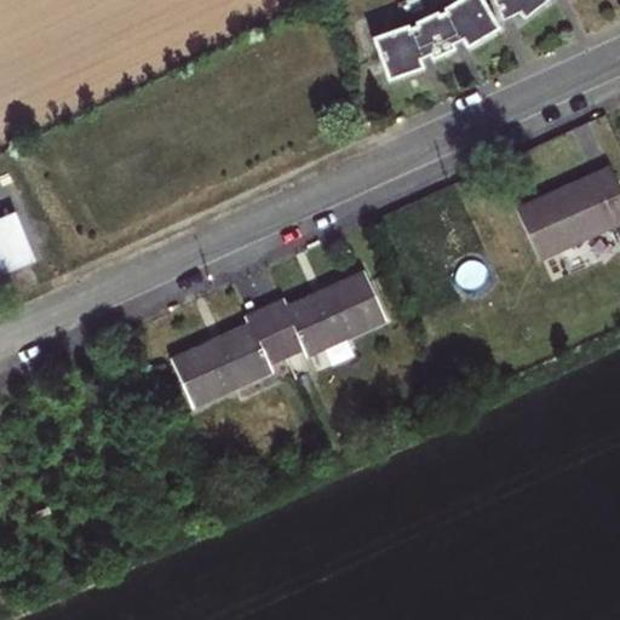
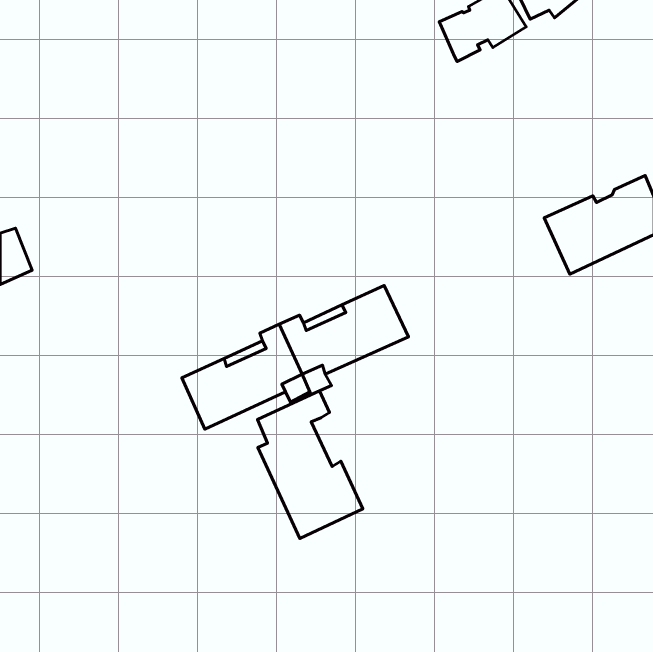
building: [374,23,431,78] -> none
building: none -> [258,391,363,538]

